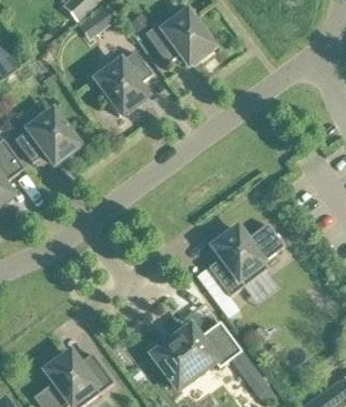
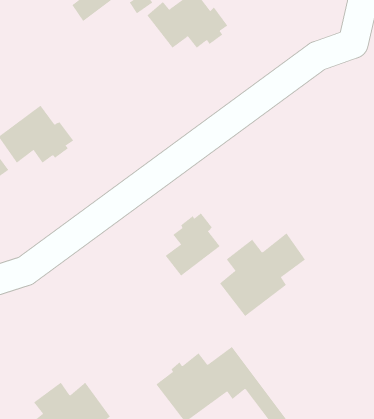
building: [96,50,151,114] -> none
building: none -> [165,212,220,276]

